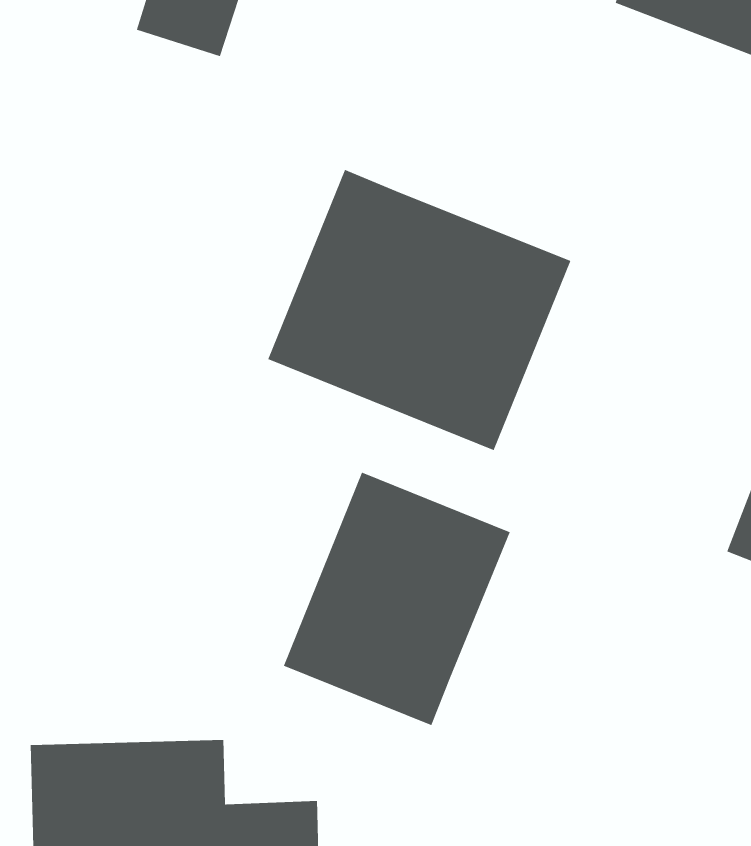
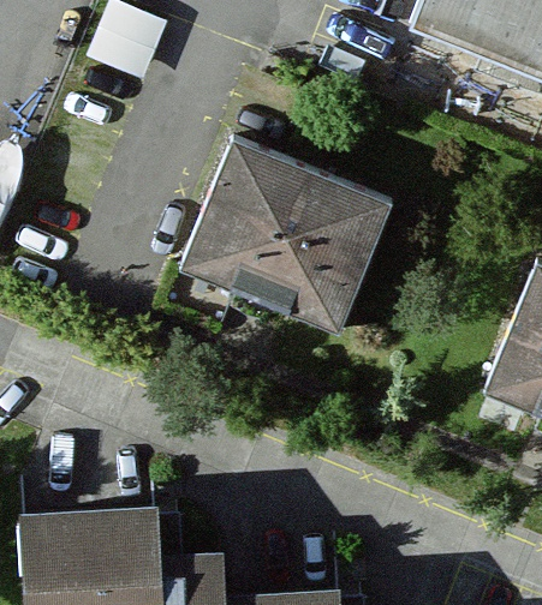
building: [283,472,511,726] -> none

